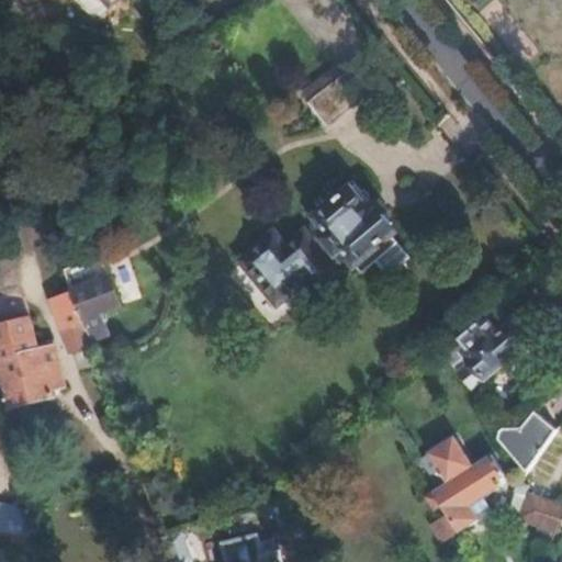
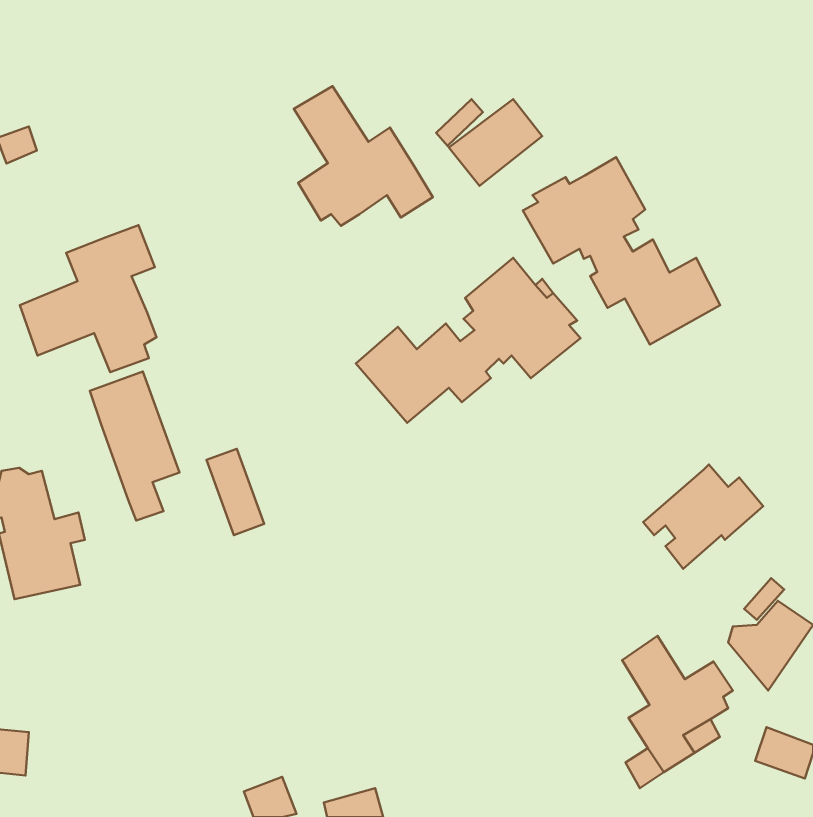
building: none -> [294,86,433,226]
building: none -> [523,157,720,344]
building: none -> [20,225,157,372]
building: [48,291,88,350] -> [206,449,264,535]

